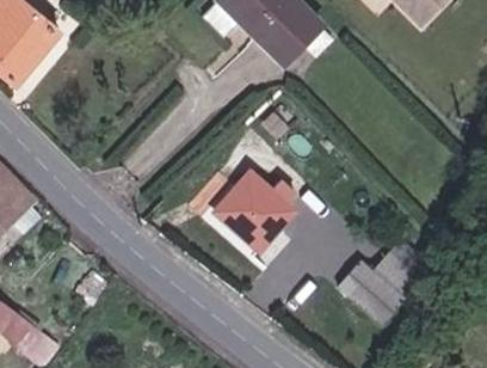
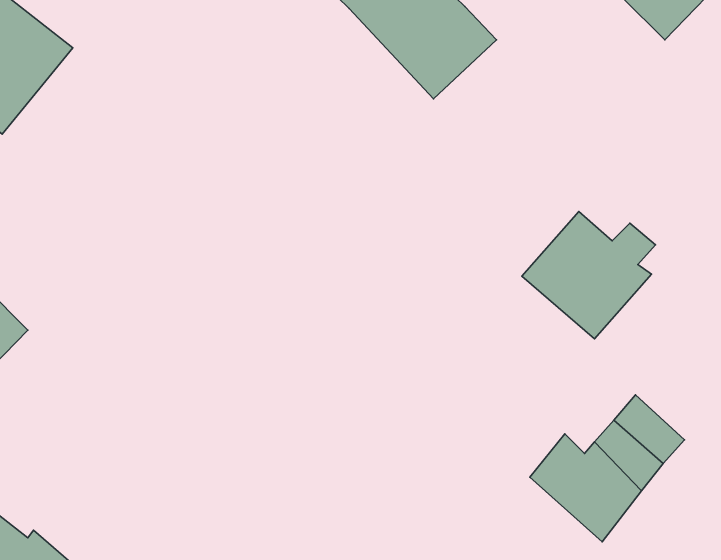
building: [211,174,292,252] -> [522,212,655,339]

